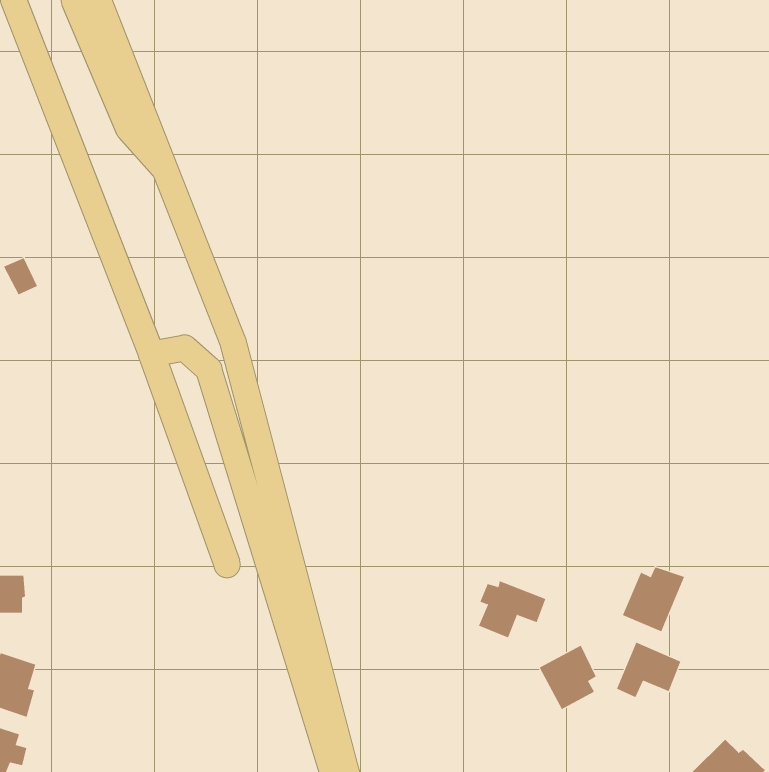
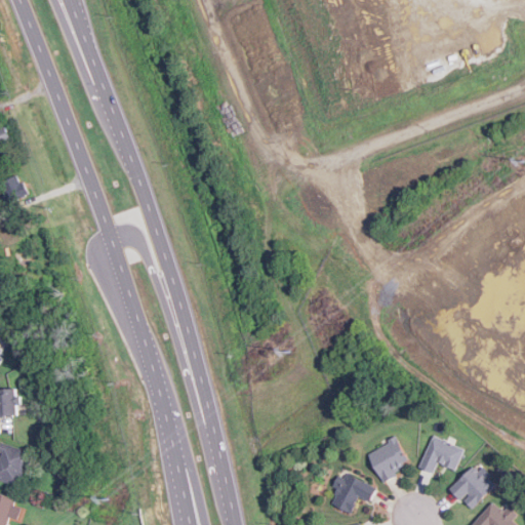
building: [622,566,685,632] -> none
building: [478,581,546,638] -> [328,474,374,513]
building: none -> [448,462,495,510]

